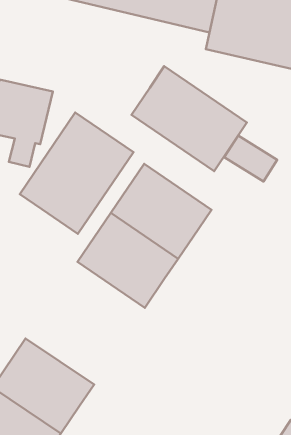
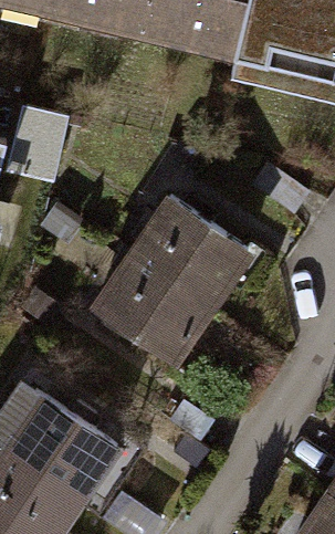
building: [131,66,247,171] -> none
building: [20,112,133,234] -> none

